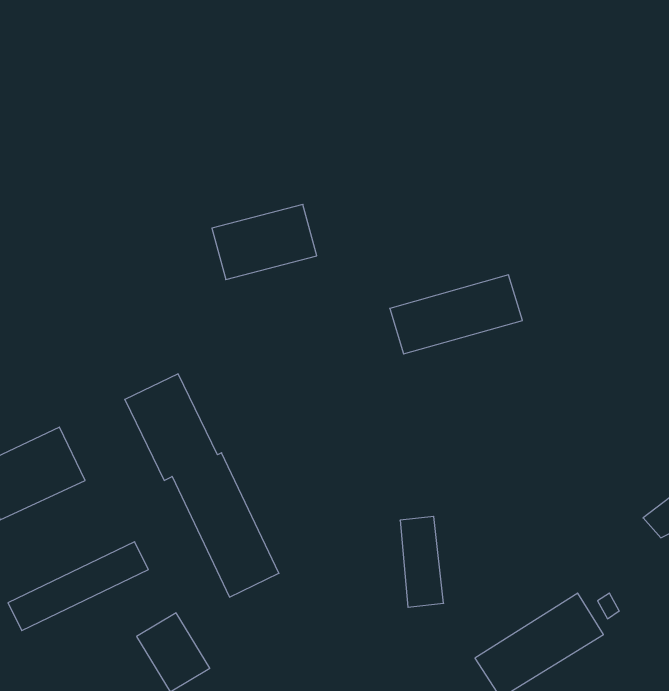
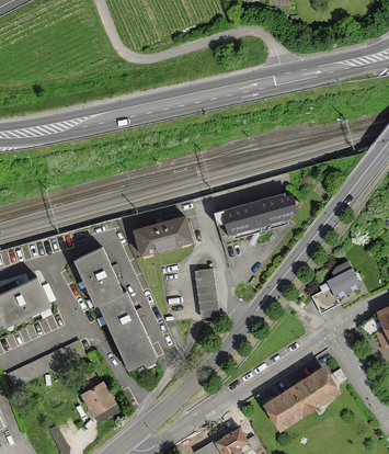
building: [212,204,317,280] -> [133,216,191,258]
building: none -> [311,261,361,313]
building: [400,516,444,607] -> [194,268,218,318]

